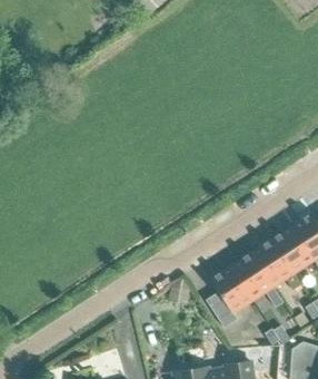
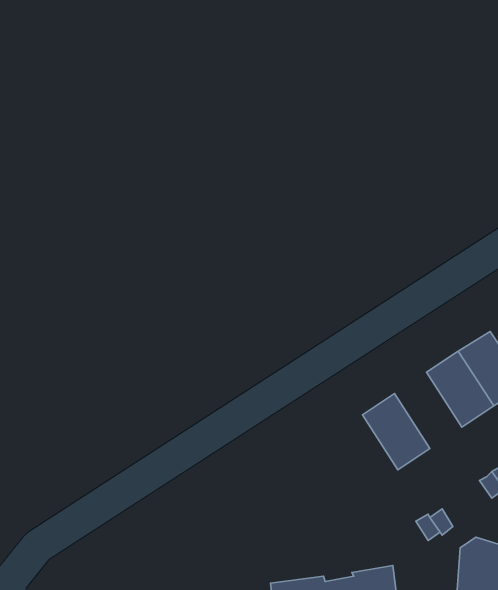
building: [252,240,295,288] -> none
building: [211,266,255,314] -> none

